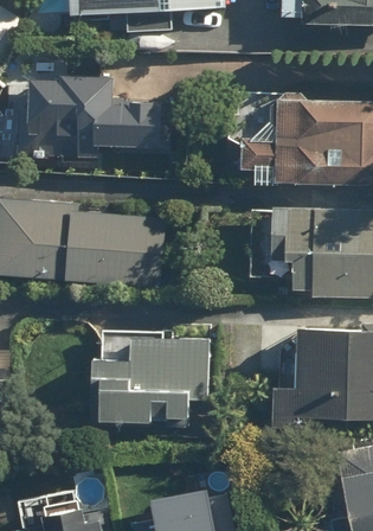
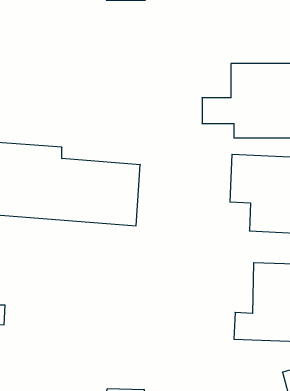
building: [19,75,171,169] -> none
building: [86,338,211,424] -> none

